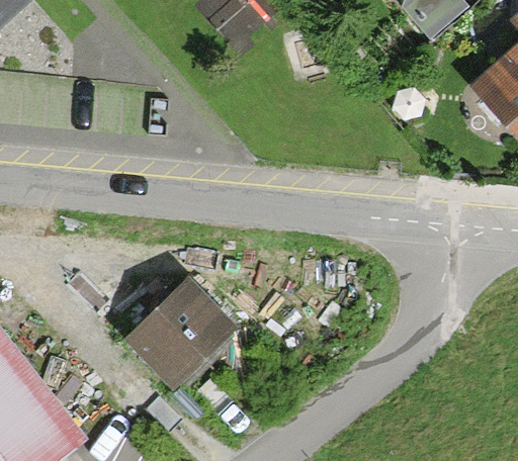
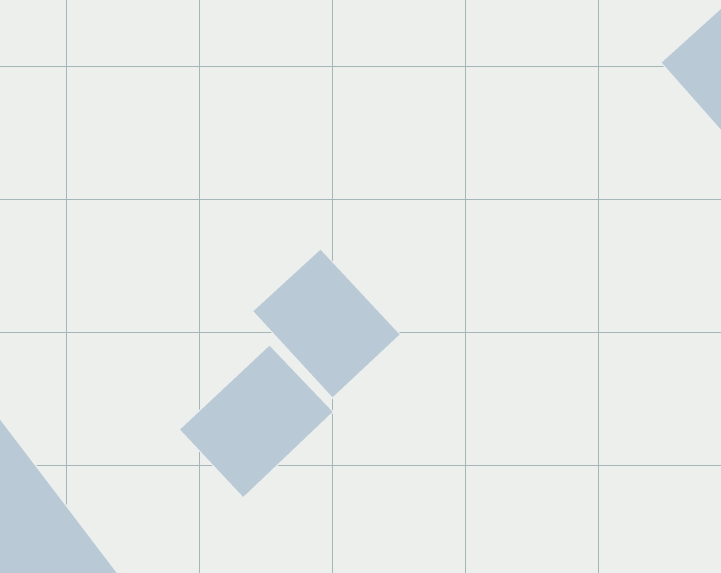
building: none -> [253,249,401,398]

